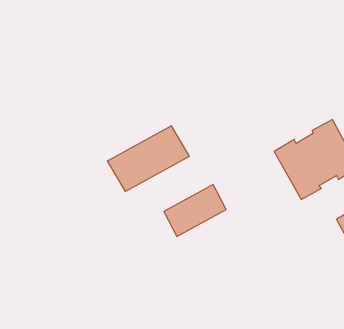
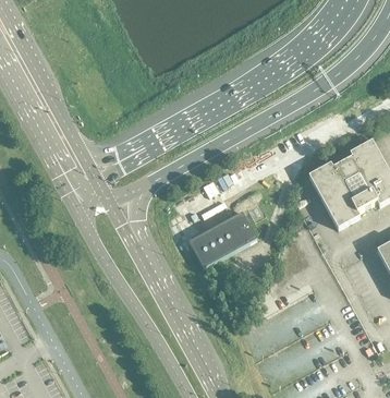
building: [108,126,189,191] -> none

